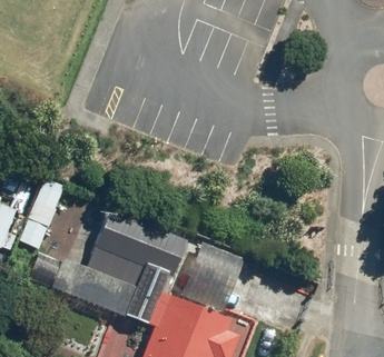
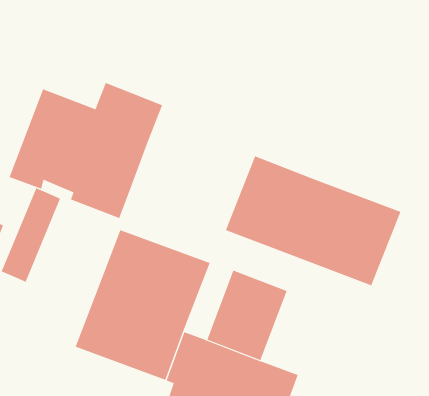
building: none -> [9,82,163,219]
building: none -> [225,156,401,286]

